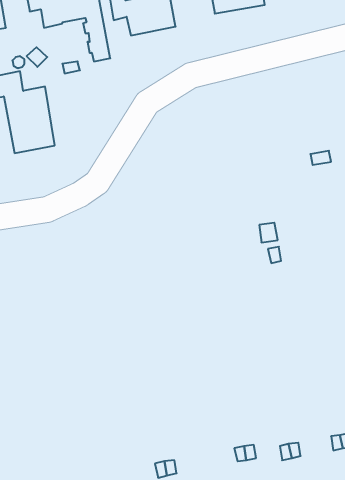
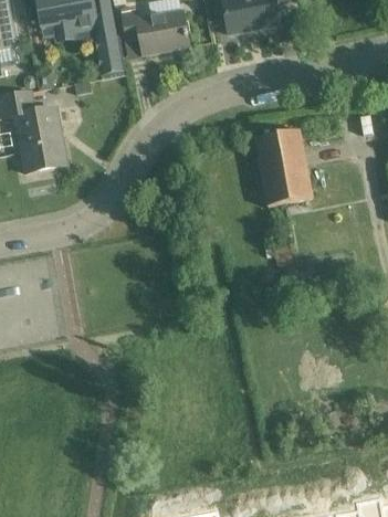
building: none -> [254,128,312,204]

